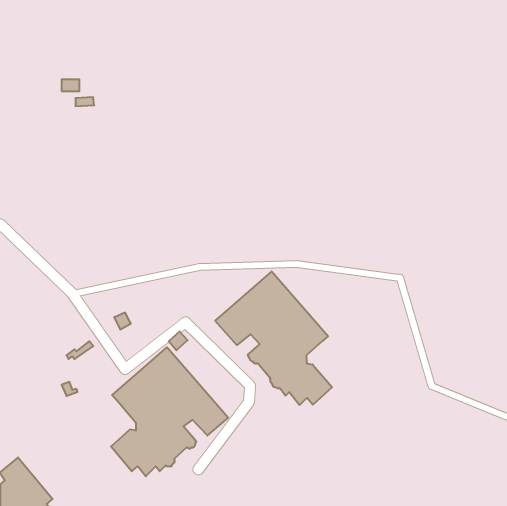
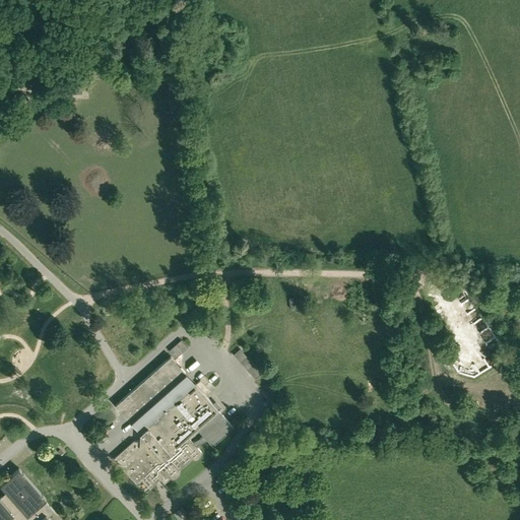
building: [215,271,332,405] -> none

